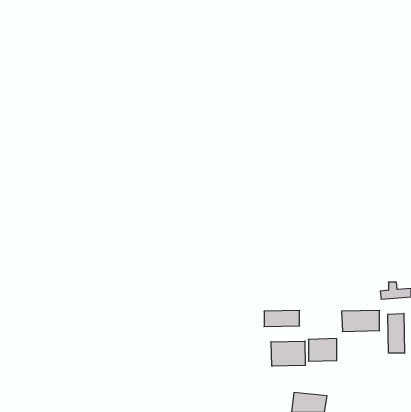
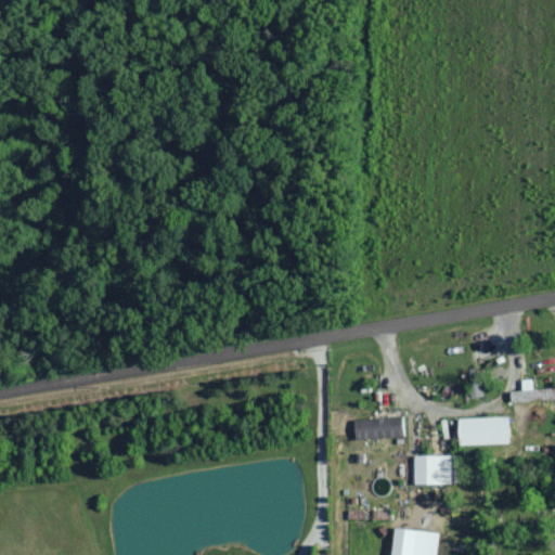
building: [388,313,405,353] -> none
building: [271,341,305,366] -> none

